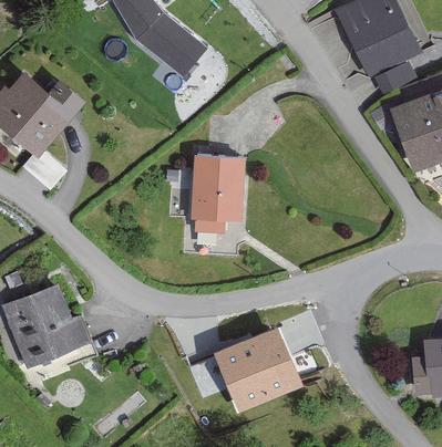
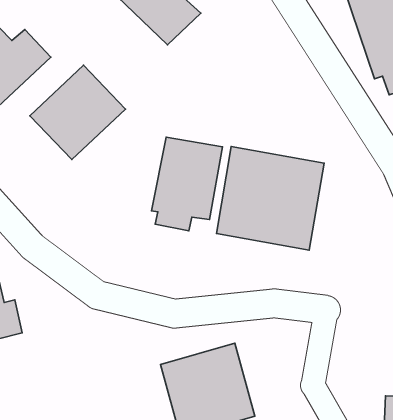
building: none -> [30,65,125,160]
building: none -> [216,147,324,250]

